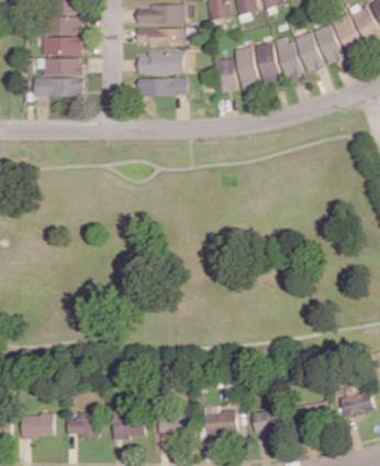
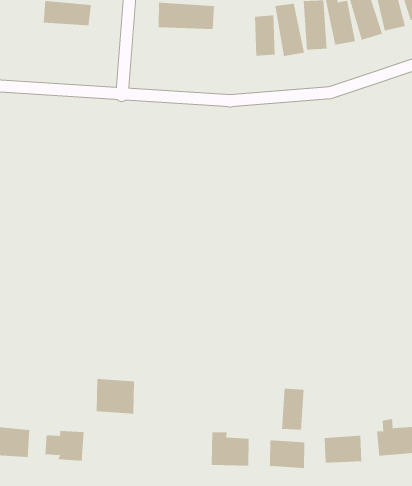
building: [32,77,82,97] -> none
building: [137,77,187,96] -> none
building: none -> [281,388,304,431]
building: [111,410,144,437] -> [96,379,135,414]
building: [157,415,190,435] -> none

